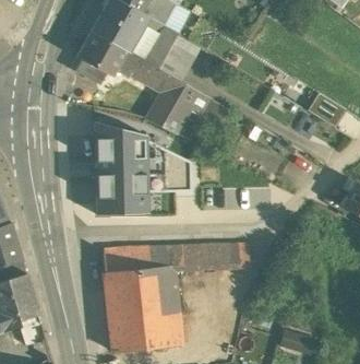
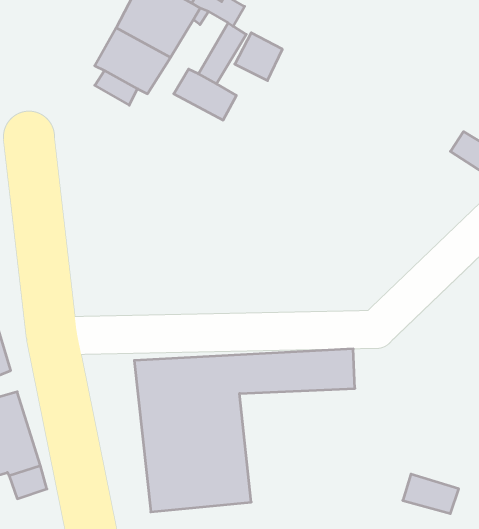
building: [146,75,200,133] -> none
building: [95,121,191,214] -> none

